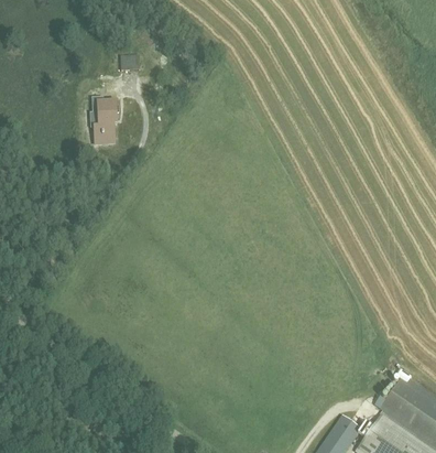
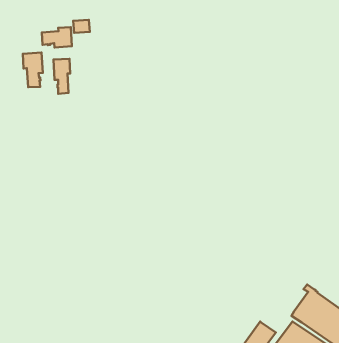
building: none -> [42,27,72,48]
building: none -> [23,53,43,87]

